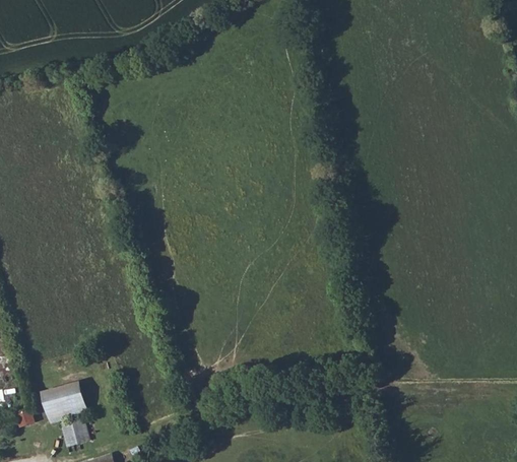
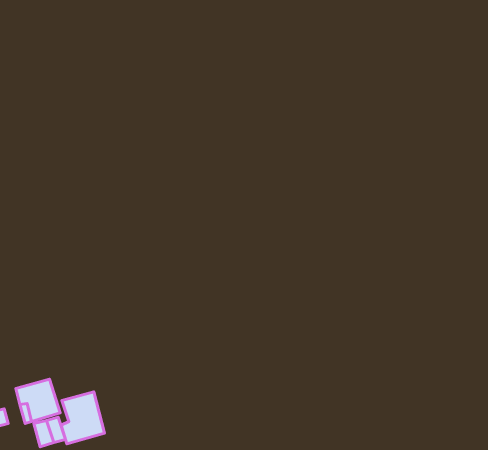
building: none -> [61,392,105,444]

